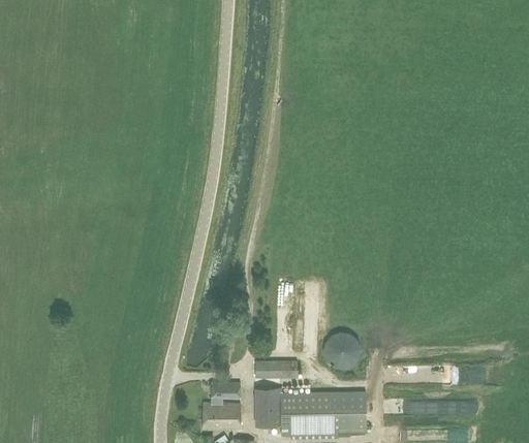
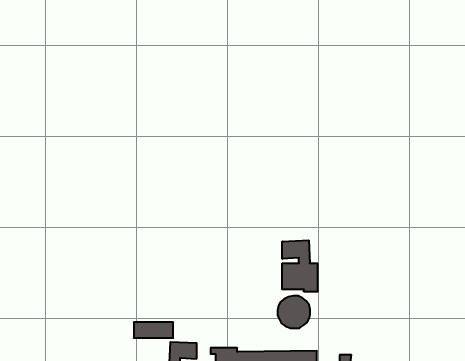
building: none -> [282,240,318,292]
building: [255,360,297,377] -> [134,322,173,338]

